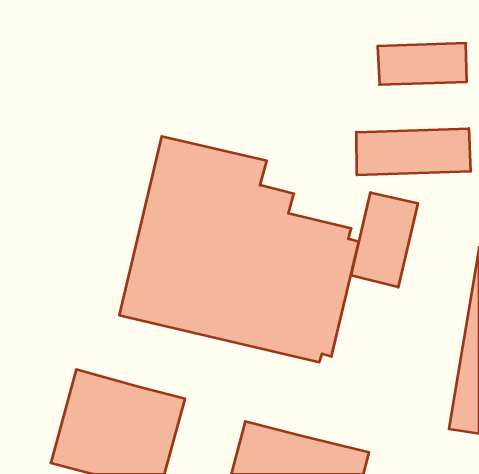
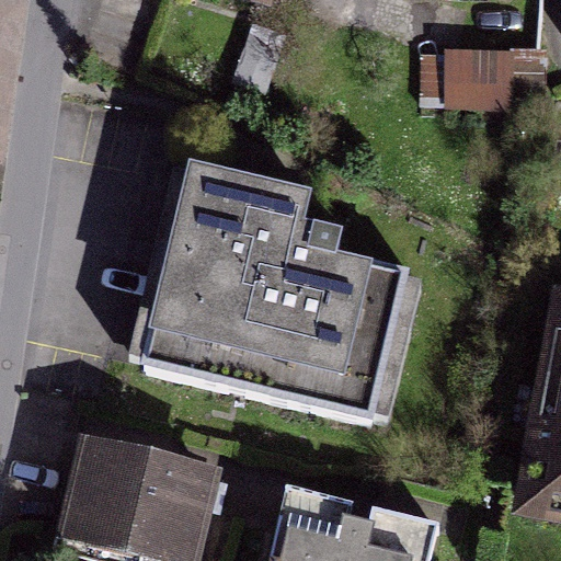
building: [356,128,471,175] -> none
building: [351,192,418,287] -> none

